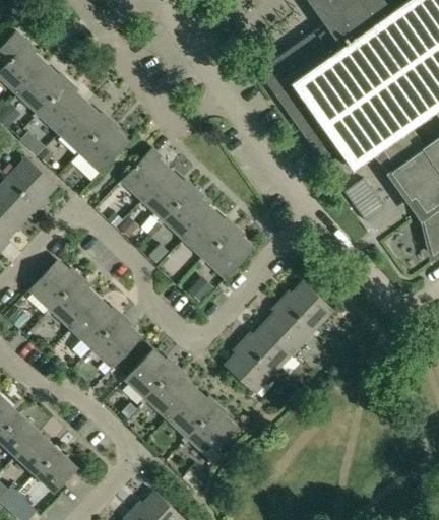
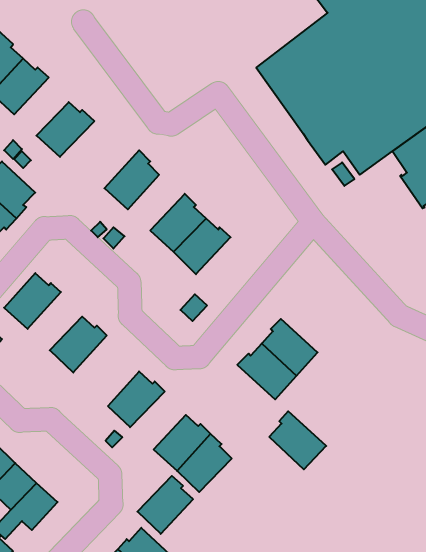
building: [38,80,87,133] -> none
building: [79,120,130,173] -> none
building: [141,169,193,219] -> none
building: [203,225,254,278] -> none
building: [50,275,100,328] -> none
building: [280,280,333,330] -> none
building: [91,315,141,368] -> none
building: [224,341,275,394] -> [269,411,326,469]
building: [143,366,194,418] -> [137,476,193,534]

